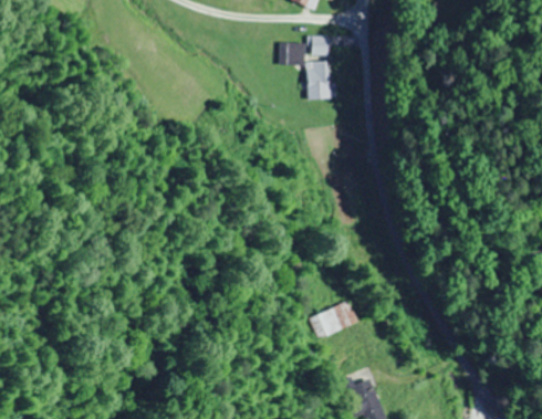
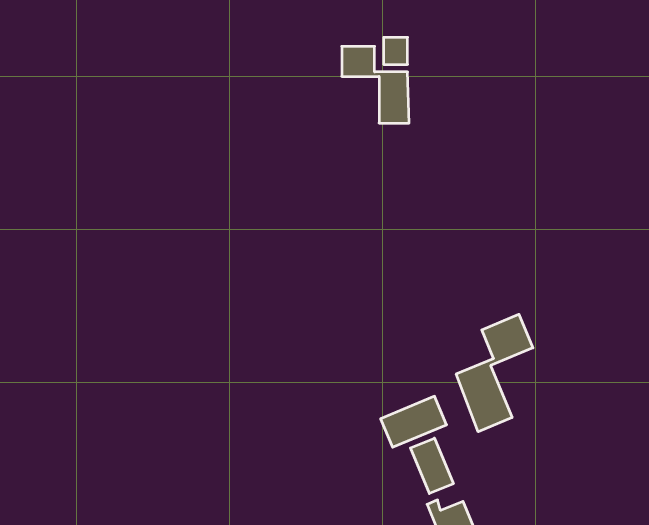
building: none -> [456,314,533,432]
building: none -> [410,438,453,494]

